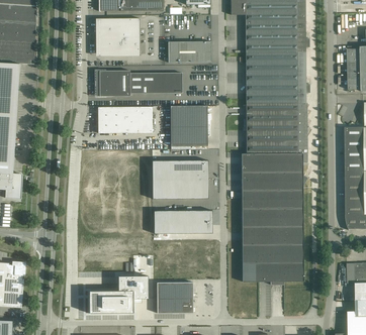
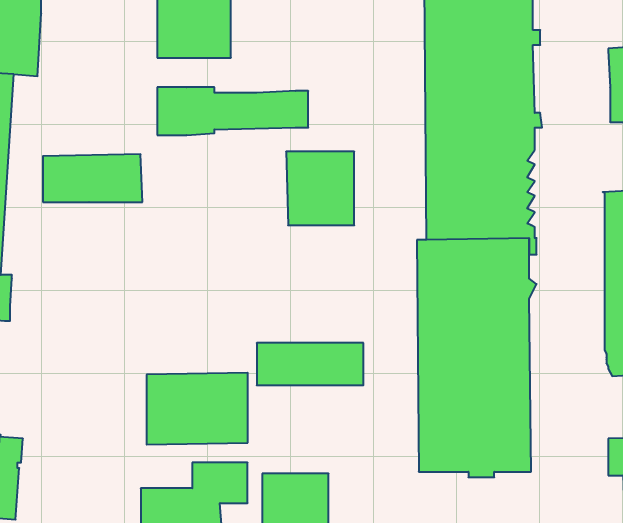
building: [168,41,211,63] -> none
building: [98,107,153,133] -> [43,154,142,202]
building: [153,160,208,200] -> [147,373,248,445]

